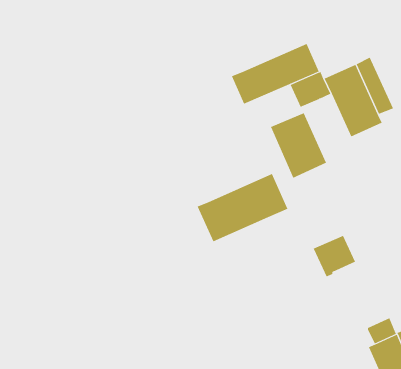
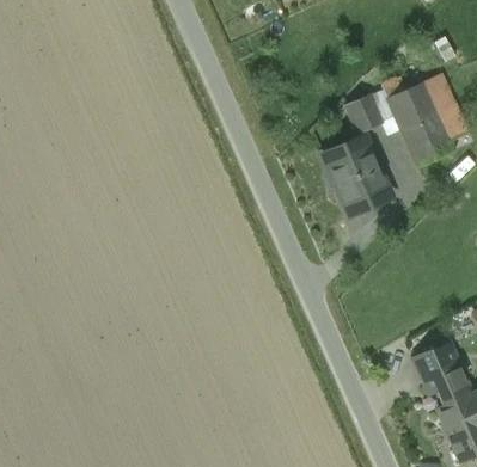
building: [231,43,319,105] -> none
building: [197,173,288,242] -> none
building: [313,235,356,277] -> [412,343,463,392]

